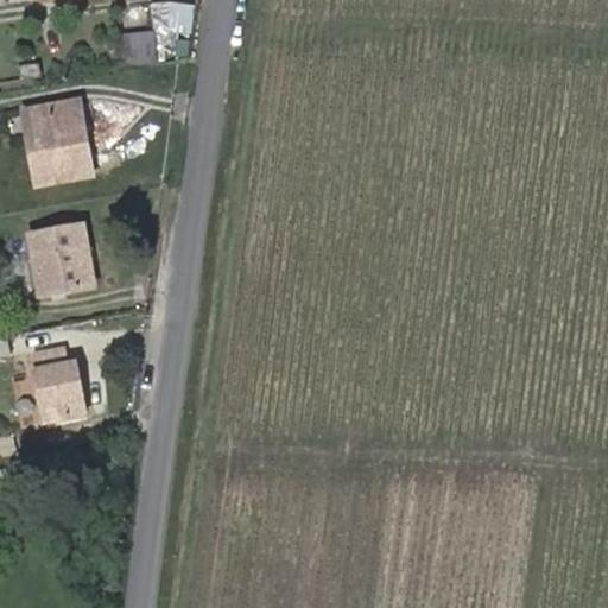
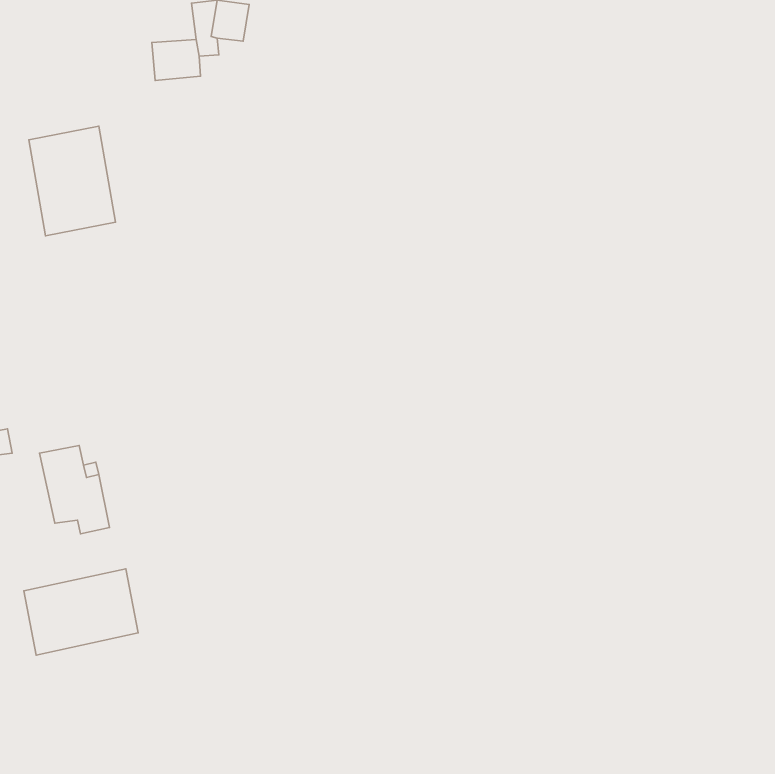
building: [28,223,93,293] -> none
building: none -> [24,569,138,655]

